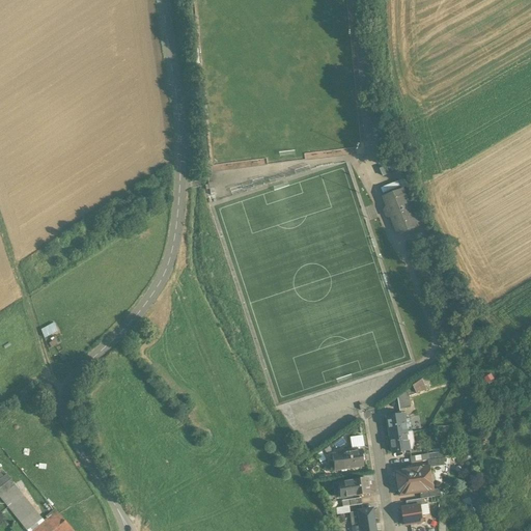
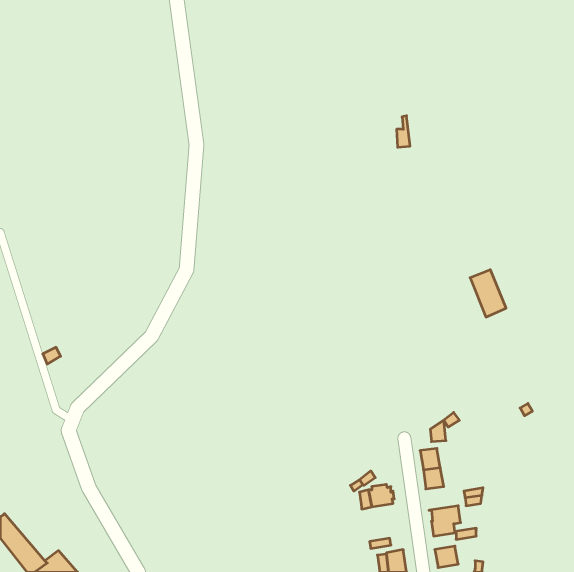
building: [384,190,417,233] -> [470,270,506,317]
building: [339,477,369,497] -> none

